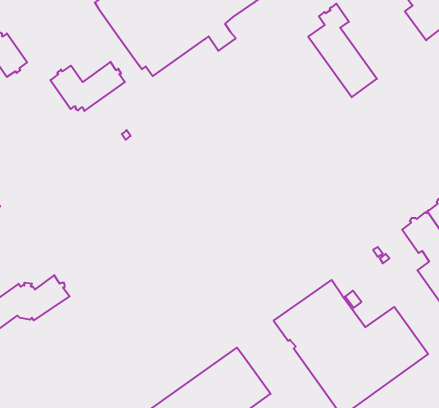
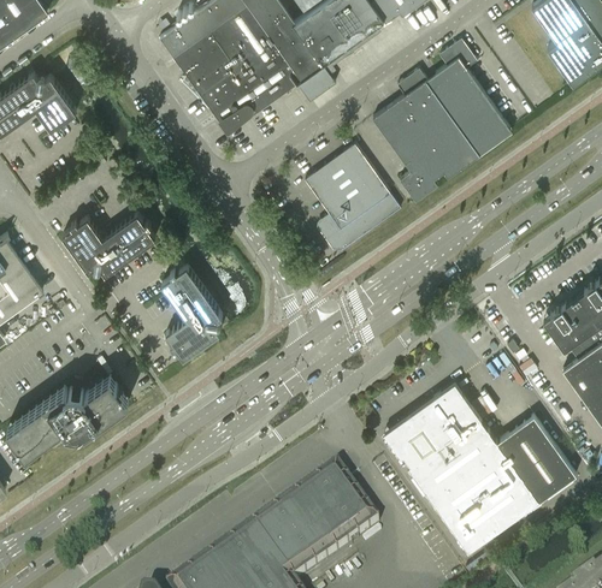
building: none -> [372,69,480,201]
building: [50,62,125,111] -> [63,213,155,274]
building: none -> [305,143,401,251]
building: none -> [161,266,223,360]

